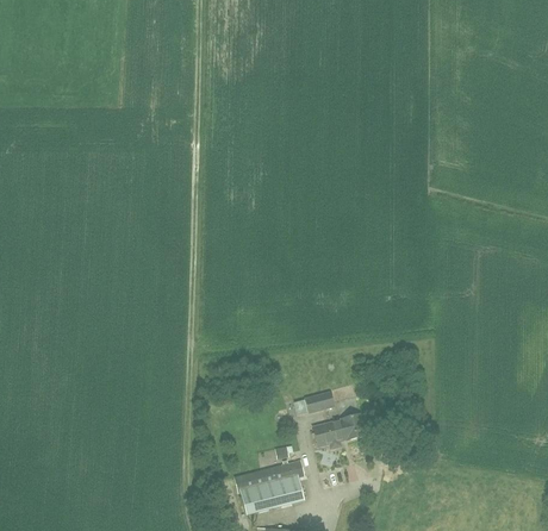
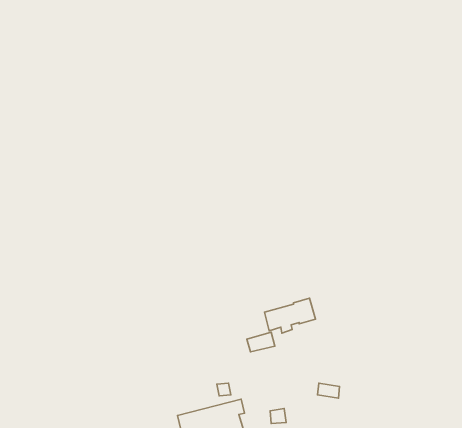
building: [312,412,365,448] -> [264,298,315,333]

